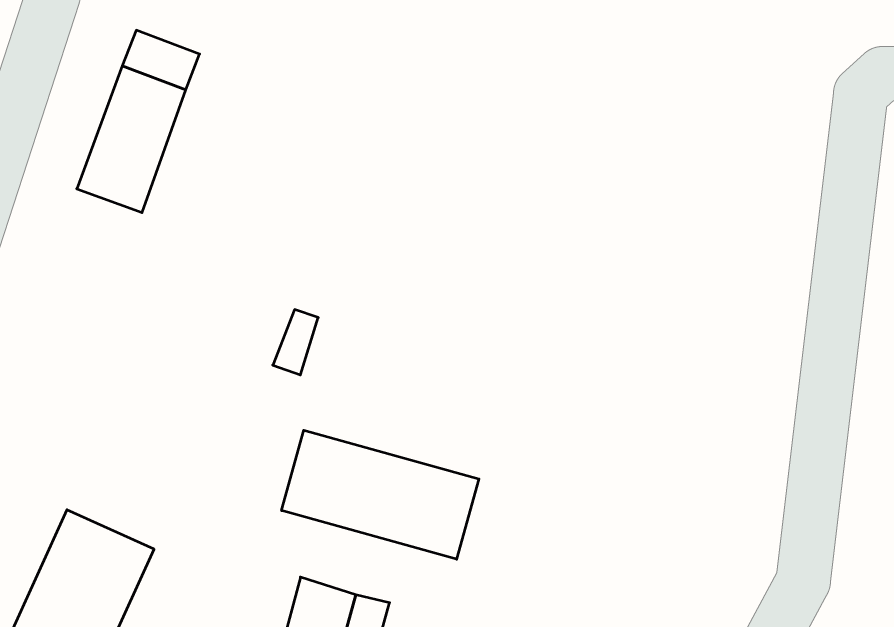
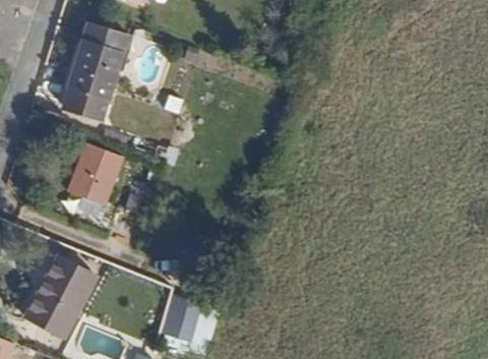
building: none -> [66,143,123,212]
building: [282,430,479,559] -> none

